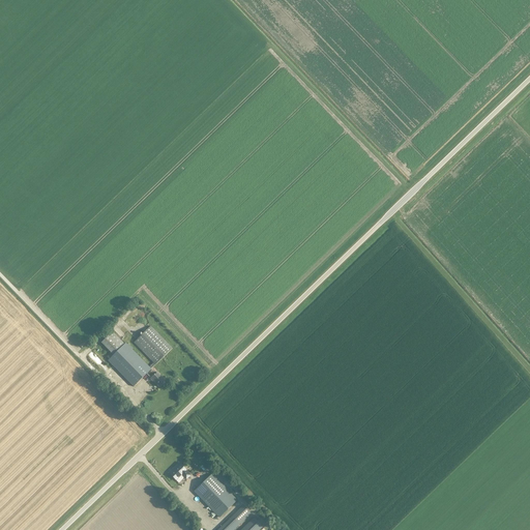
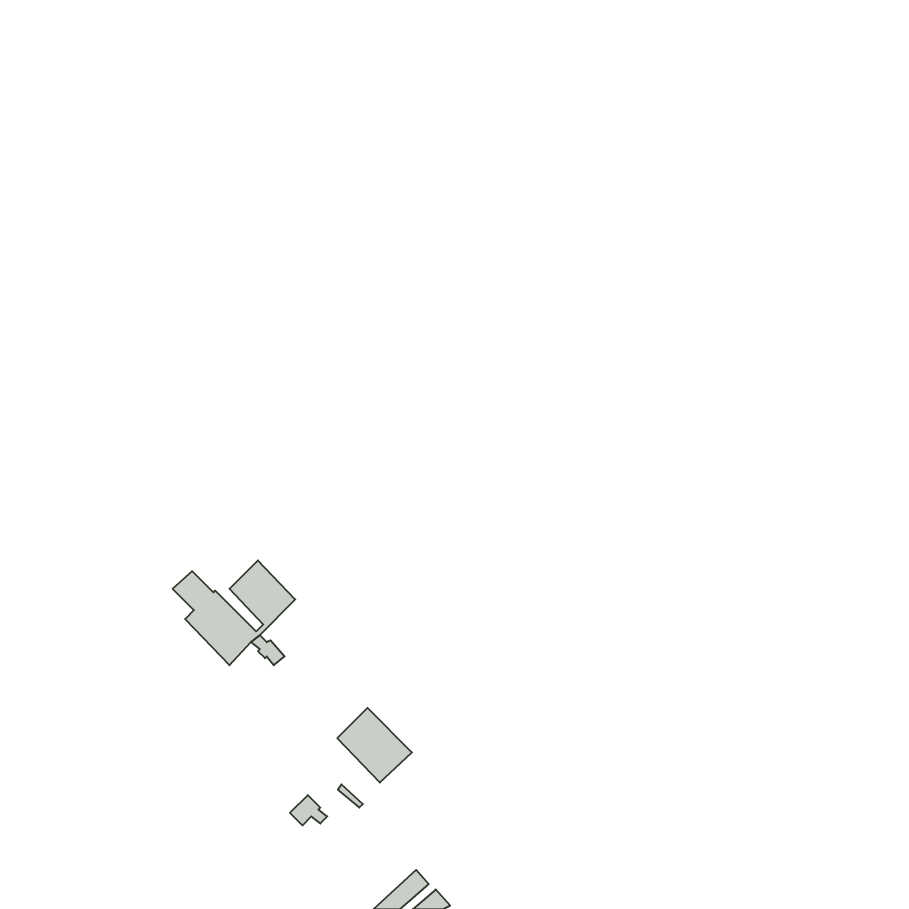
building: [194,474,237,518] -> [337,708,412,783]

